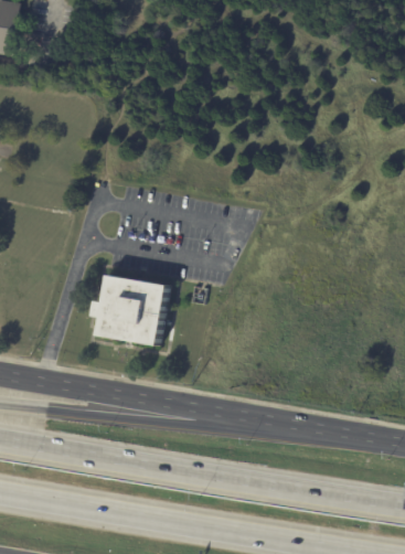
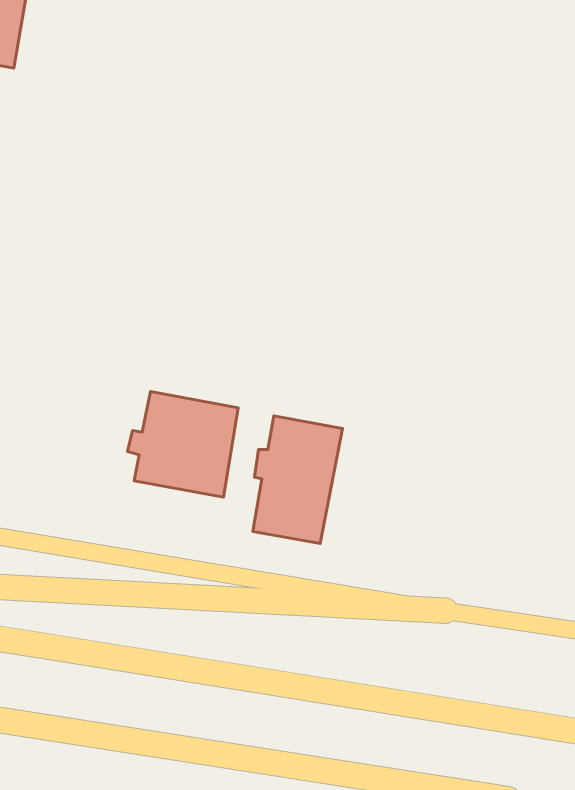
building: none -> [253,416,343,543]

